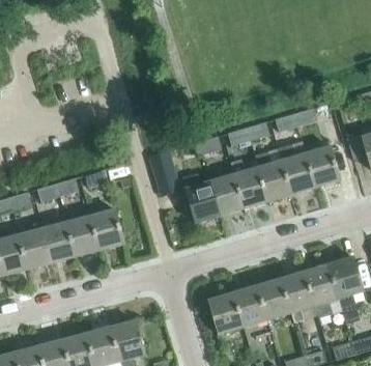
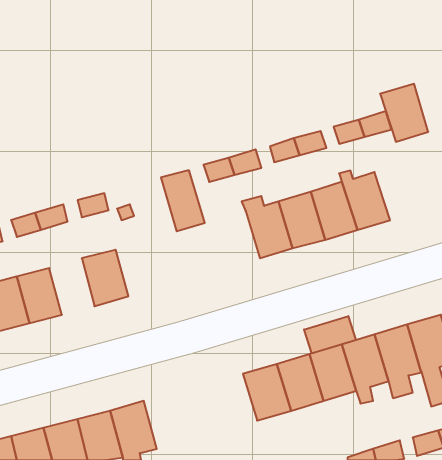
building: [305,144,340,187] -> [380,84,428,142]
building: [182,173,221,222] -> none
building: [66,215,99,256] -> none
building: none -> [304,316,356,353]

